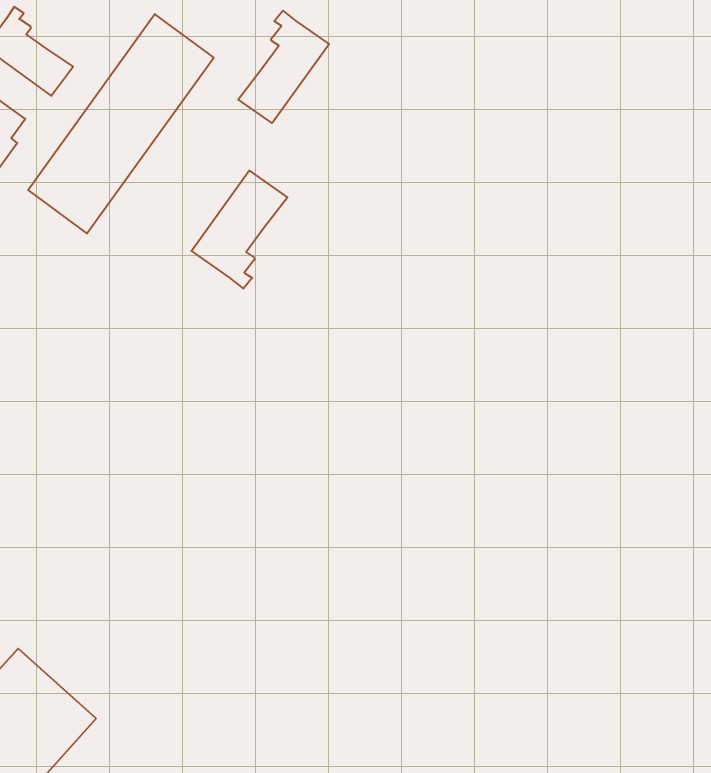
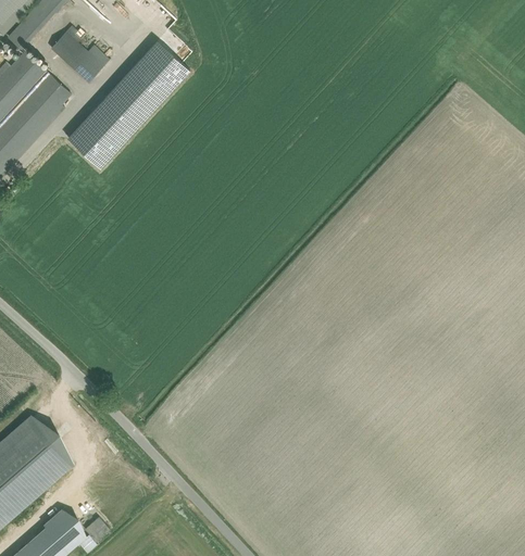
building: [238,11,329,123] -> none
building: [191,171,287,289] -> none

